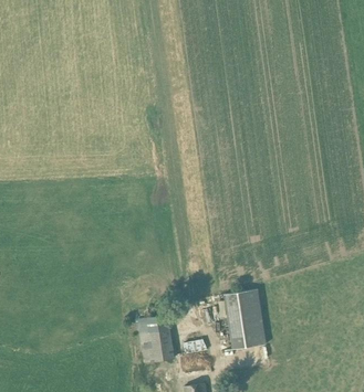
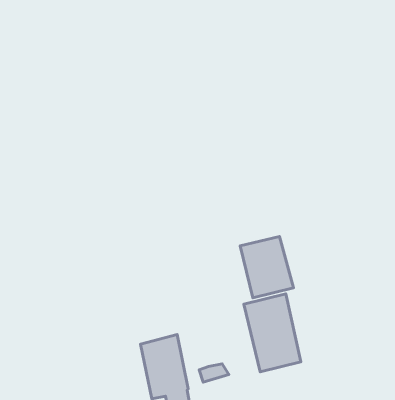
building: none -> [240,236,293,298]

